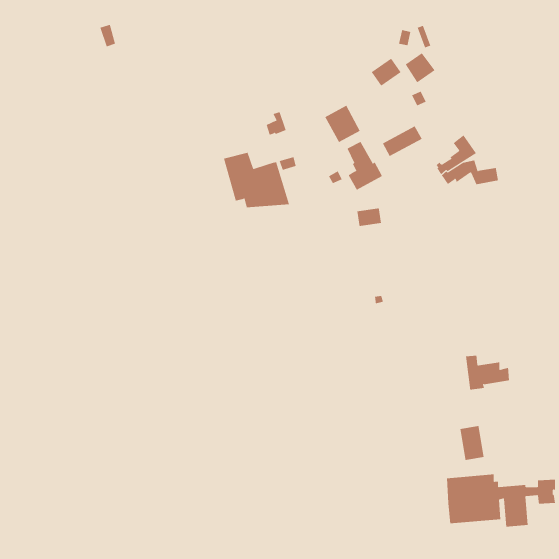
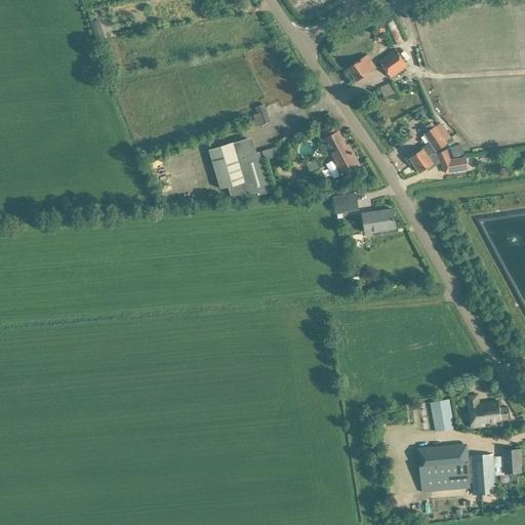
building: [325,105,361,143] -> none
building: [382,126,422,157] -> none
building: none -> [363,209,396,233]
building: [465,355,510,390] -> [467,395,509,428]

